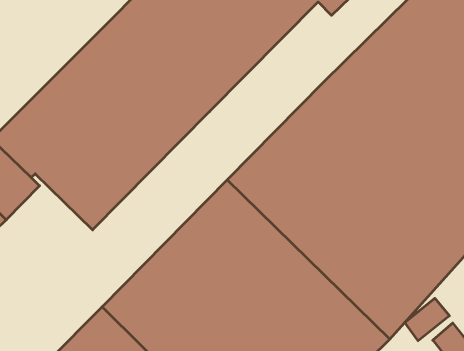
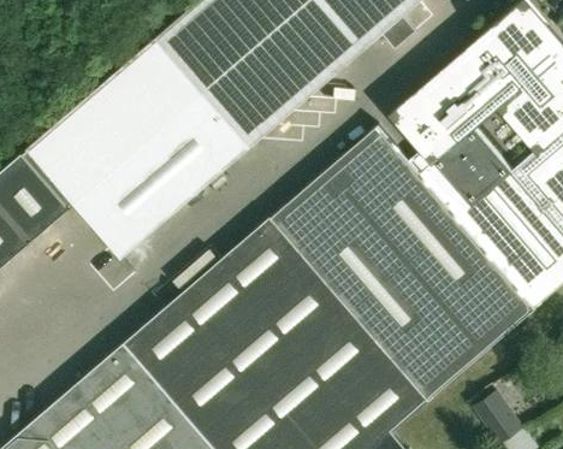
building: [405,298,449,341] -> none

